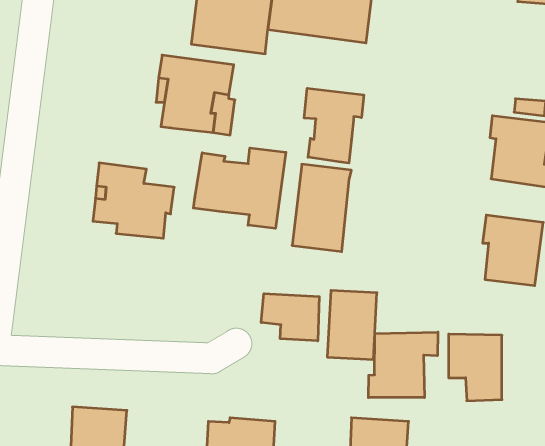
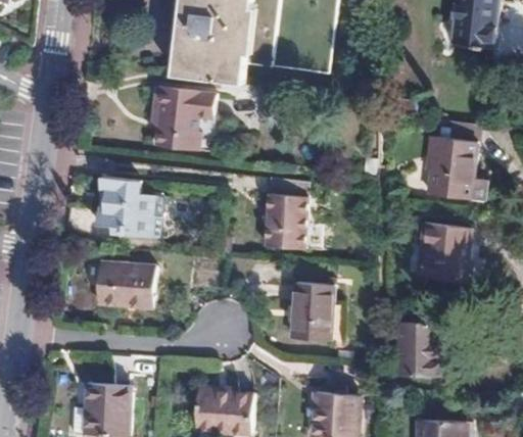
building: [304,88,364,163] -> none
building: [193,148,286,228] -> none
building: none -> [94,262,153,306]
building: [261,294,319,341] -> none
building: [368,332,438,398] -> none

